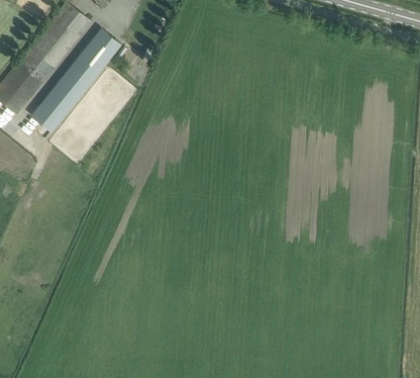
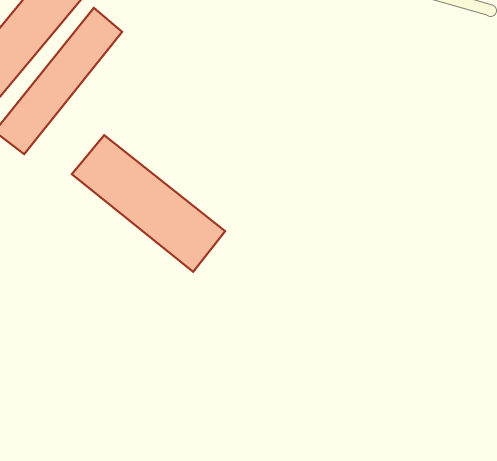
building: none -> [72,135,225,272]

